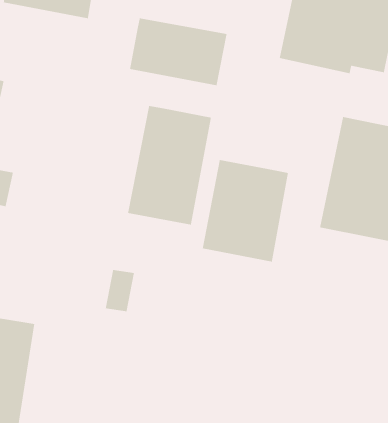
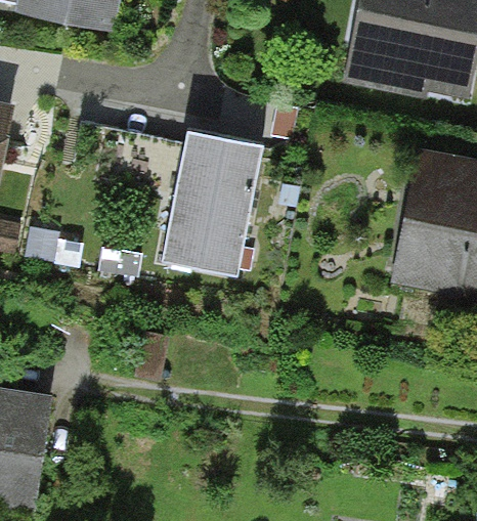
building: [129,17,227,86] -> none
building: [202,159,289,263] -> none

